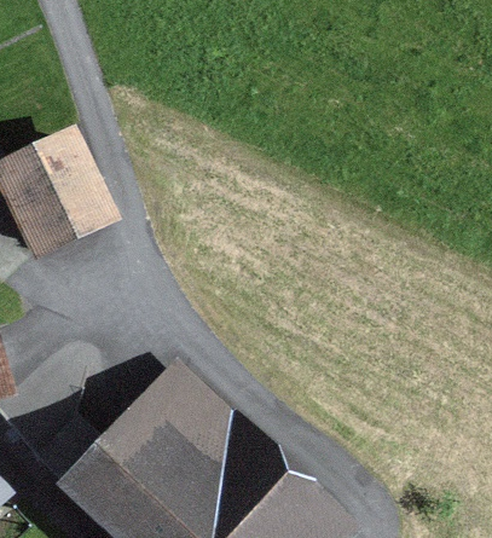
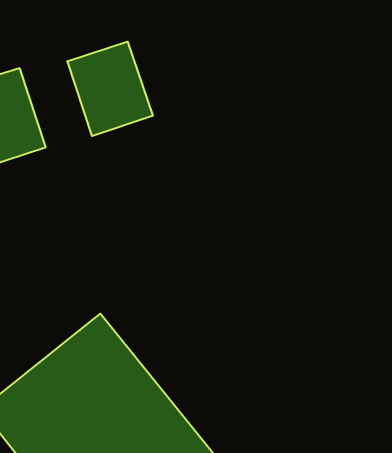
building: none -> [67,42,153,136]

